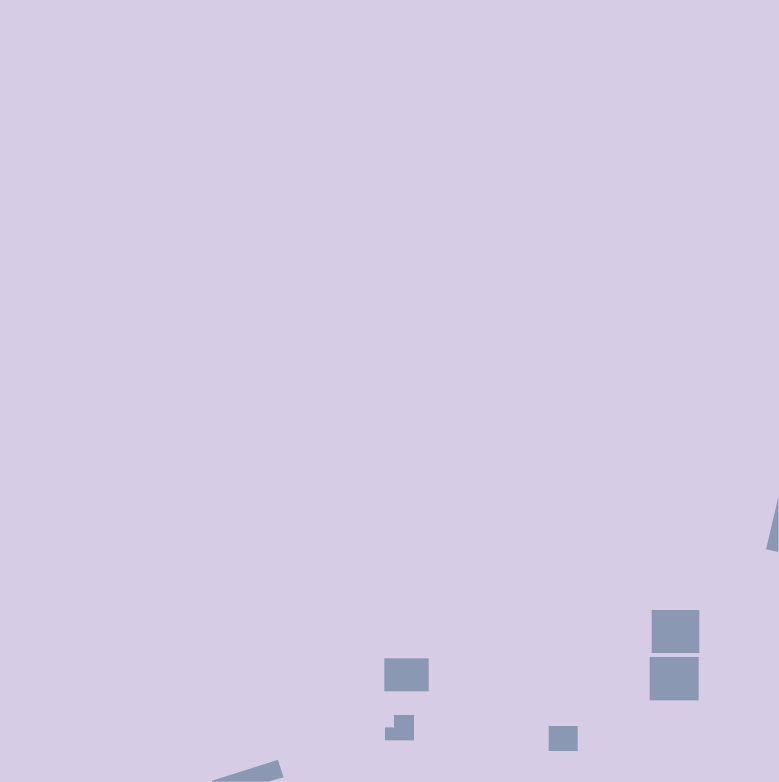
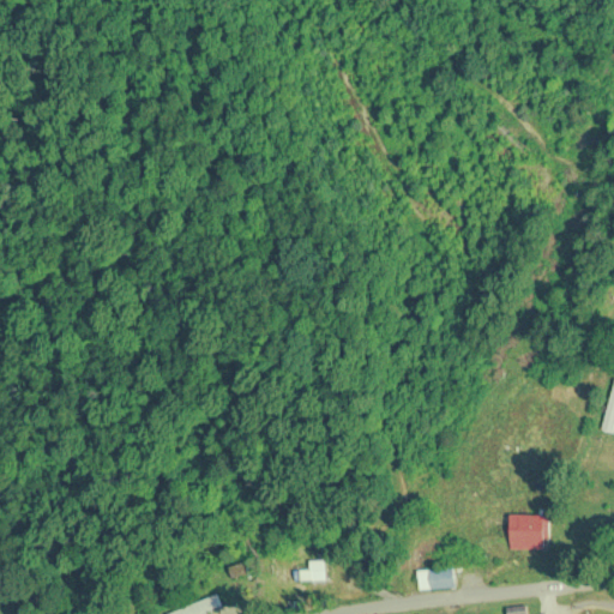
building: [651,609,700,654] -> none
building: [384,658,429,692] -> none

